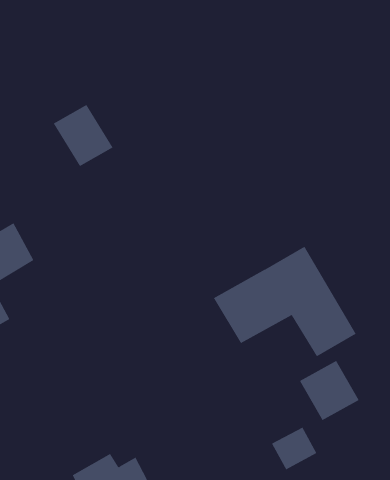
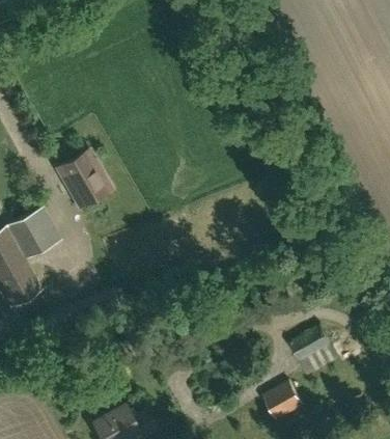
building: [53,104,113,167] -> [57,149,109,203]
building: [213,246,357,357] -> none

